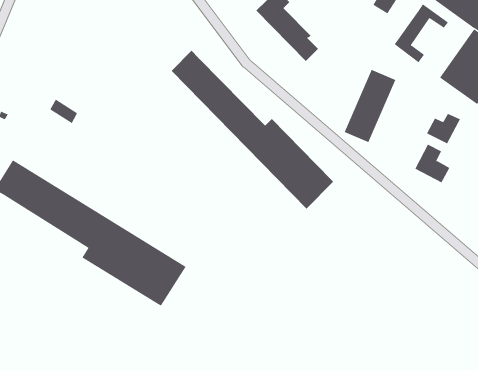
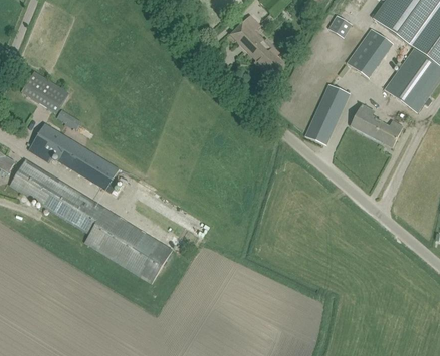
building: [171,50,334,209] -> none
building: none -> [22,71,69,113]
building: none -> [28,122,120,190]
building: [414,144,450,183] -> [352,104,382,137]

